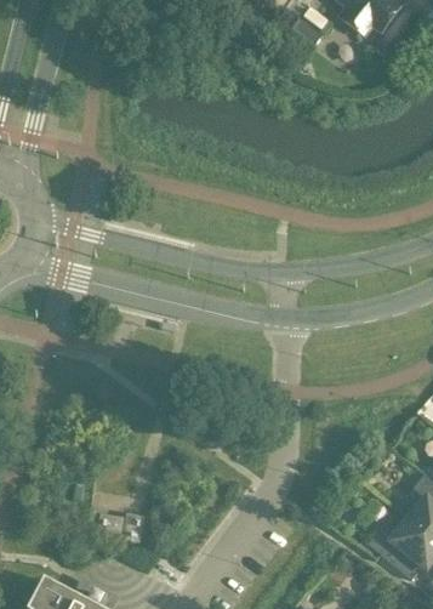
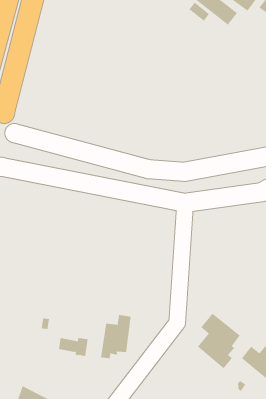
building: none -> [197,313,241,369]
building: none -> [101,314,131,359]

